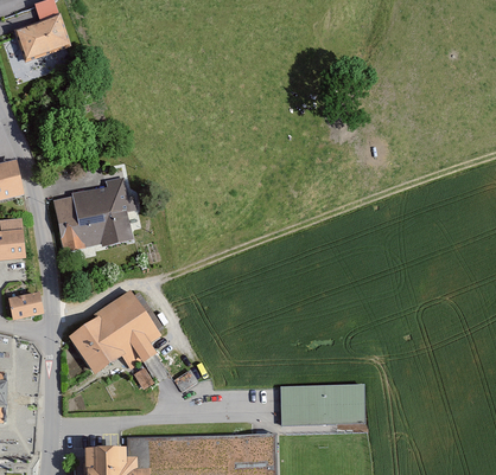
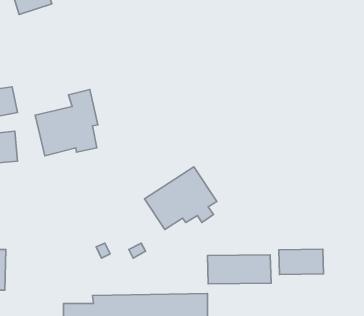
building: [65,291,163,375] -> [144,167,217,230]
building: [9,293,44,320] -> none
building: none -> [279,249,324,274]

